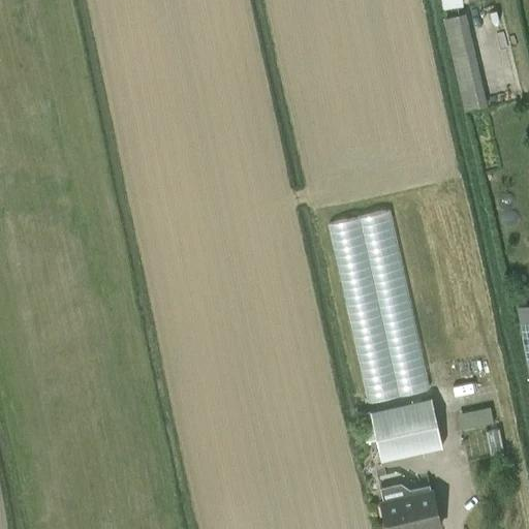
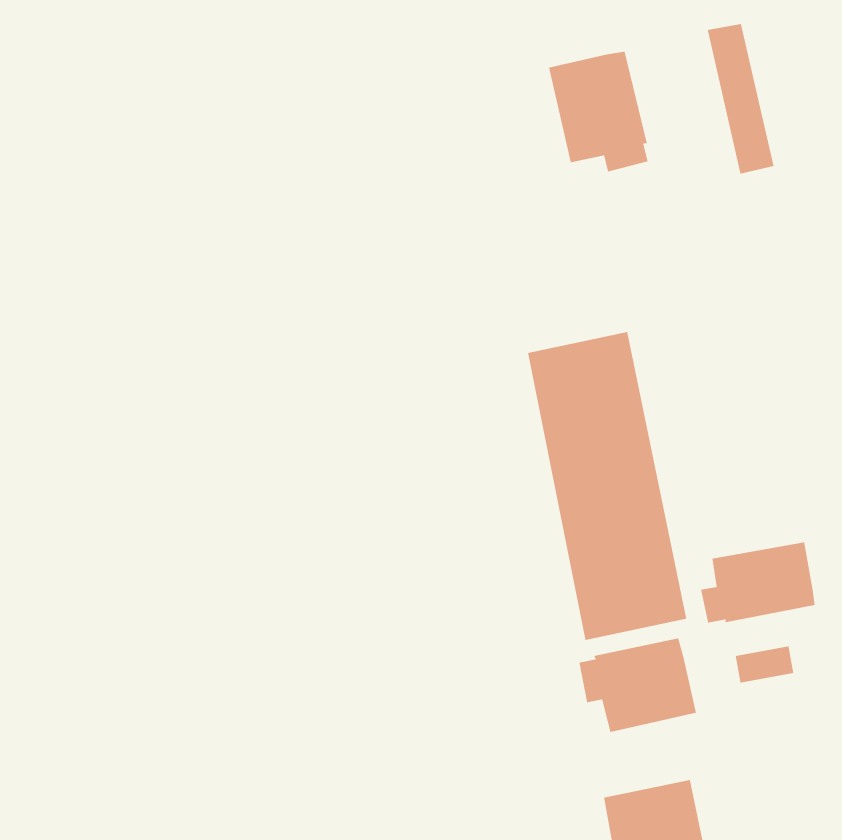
building: none -> [548,51,649,172]
building: none -> [700,541,816,624]

